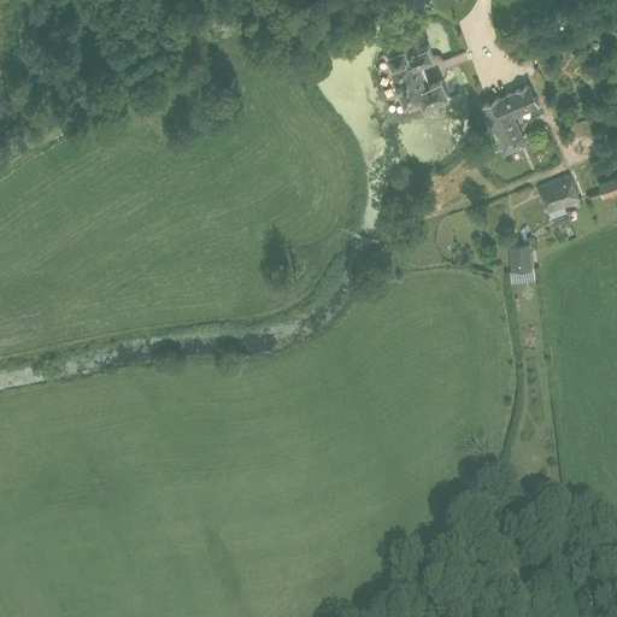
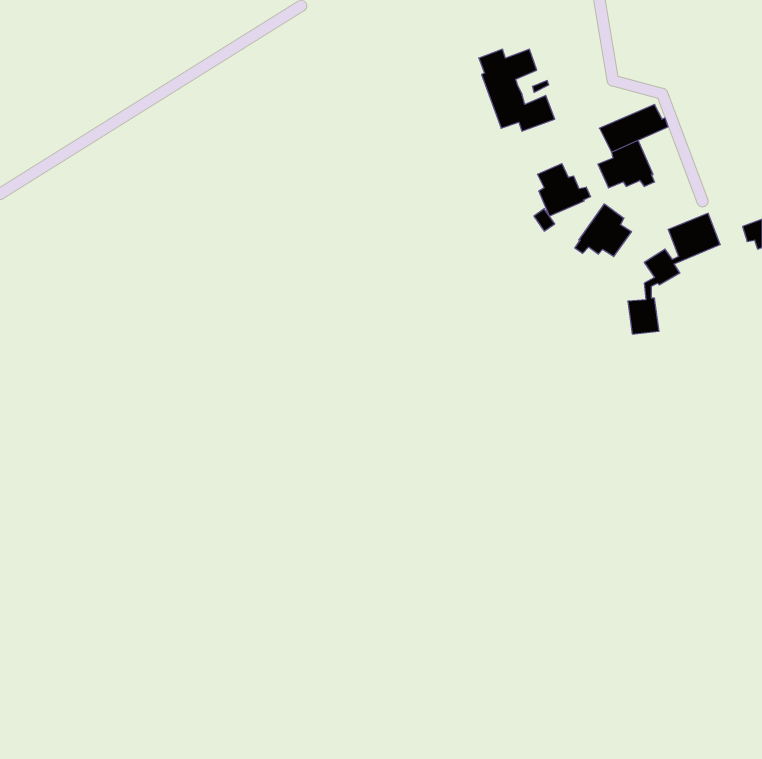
building: none -> [538,164,591,216]
building: none -> [575,204,631,257]

